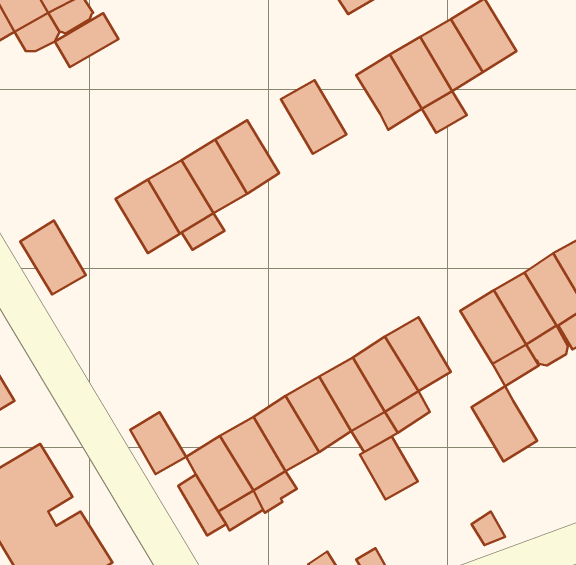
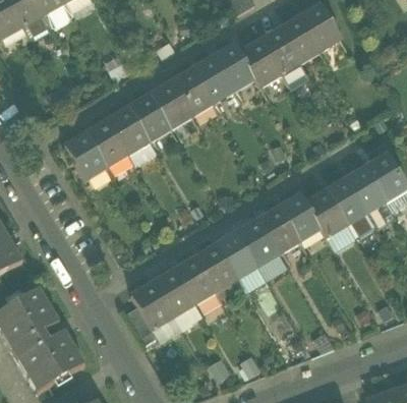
building: [55,13,118,67] -> none
building: none -> [213,42,254,90]
building: none -> [170,67,212,114]
building: [20,221,86,294] -> [65,130,107,177]
building: [472,386,537,462] -> [279,192,321,240]
building: [130,412,186,474] -> none
building: [360,436,418,499] -> none

